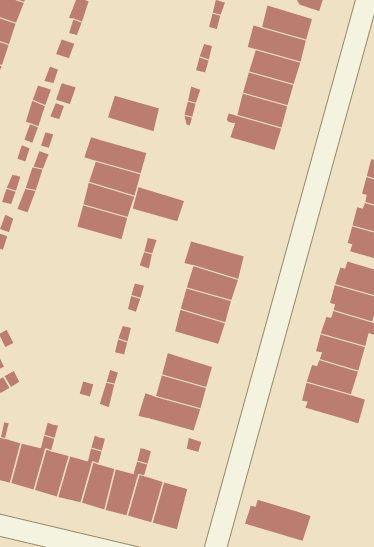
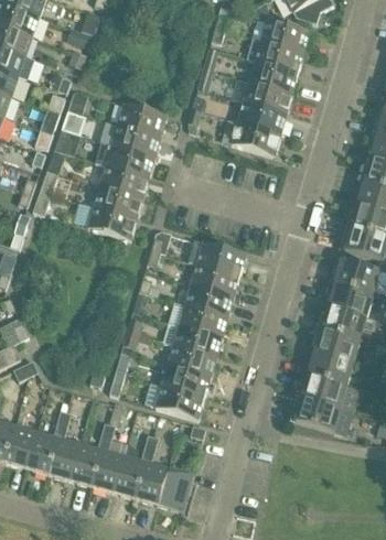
building: [132,187,185,222] -> [111,123,161,156]
building: none -> [163,321,222,357]
building: [244,499,311,542] -> [290,396,353,435]

